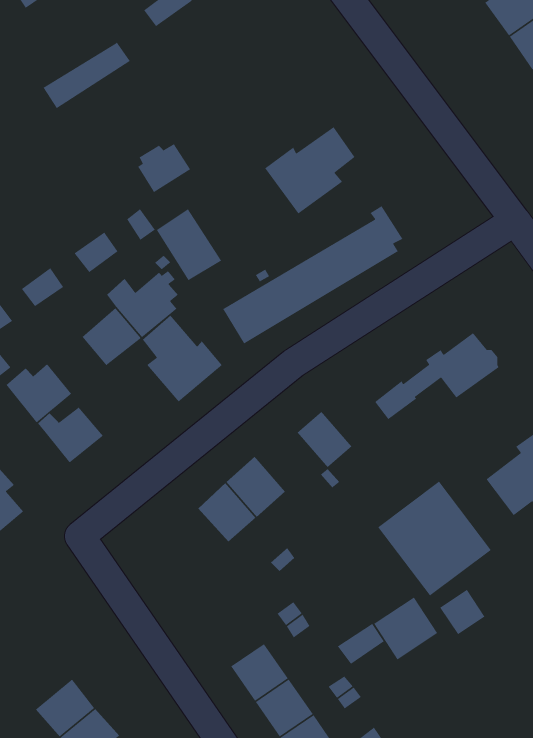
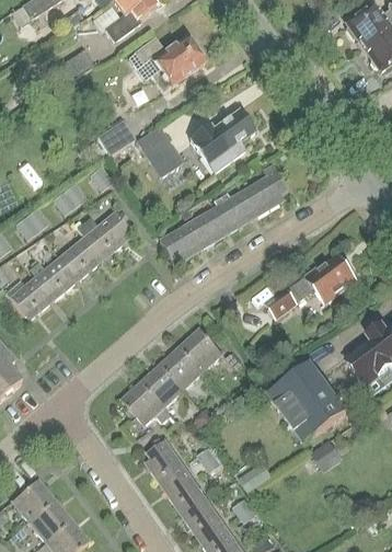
building: none -> [127,35,204,89]
building: [156,208,222,281] -> [139,127,186,179]
building: [142,315,223,402] -> none
building: [37,406,104,464] -> [31,258,78,299]
building: [297,411,352,468] -> [183,327,222,368]
building: none -> [120,380,172,424]
building: none -> [145,437,189,492]
building: [373,596,438,660] -> none
building: none -> [11,480,54,522]

